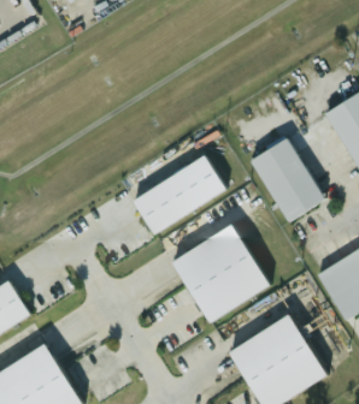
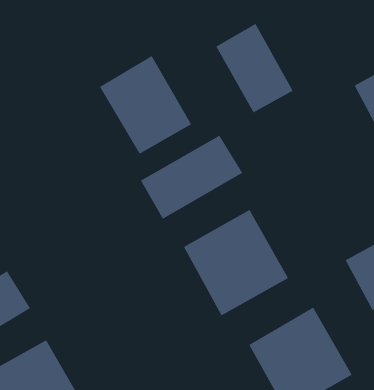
building: none -> [99,55,192,154]
building: [252,137,324,220] -> [215,23,294,113]

